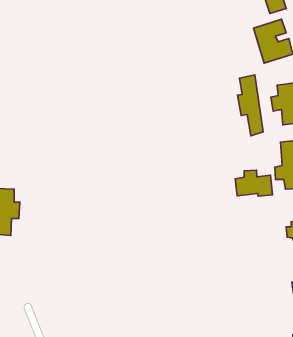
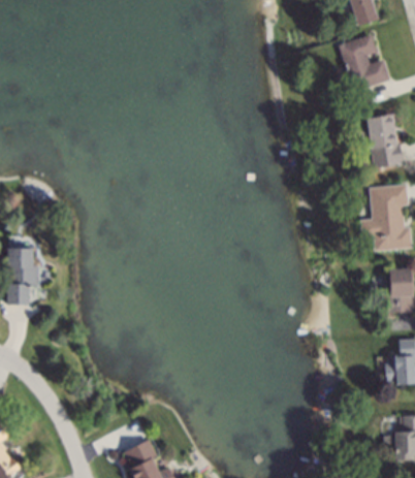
building: [238,75,263,136] -> none
building: [235,170,273,196] -> none

